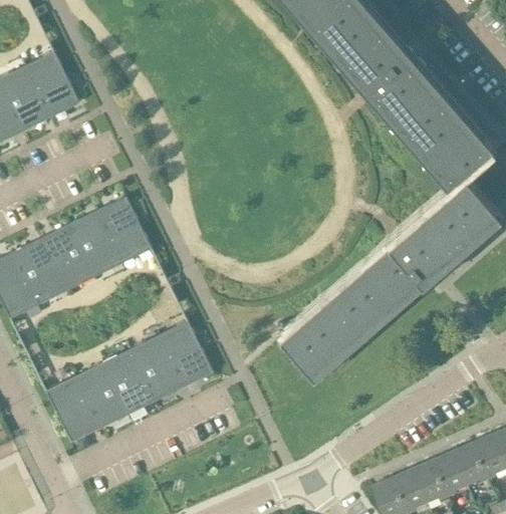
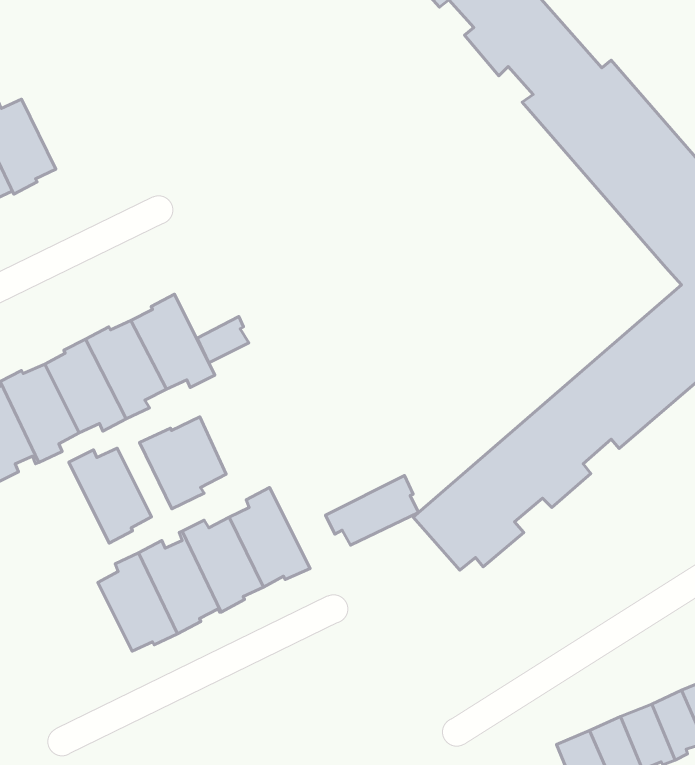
building: [27,52,79,116] -> none
building: none -> [197,316,249,363]
building: none -> [139,417,226,509]
building: none -> [325,475,418,545]
building: [45,382,98,444] -> [69,448,151,543]

